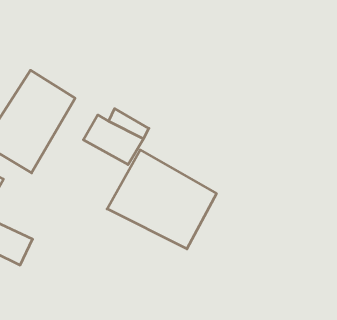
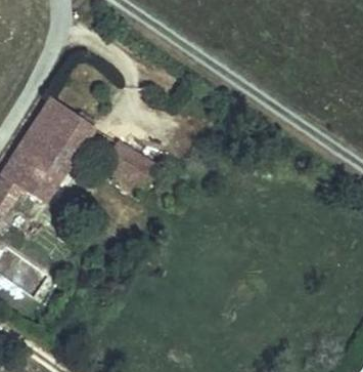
building: [107,150,216,249] -> none

